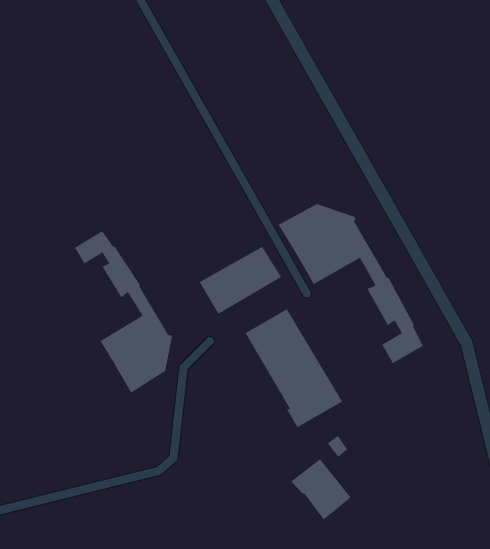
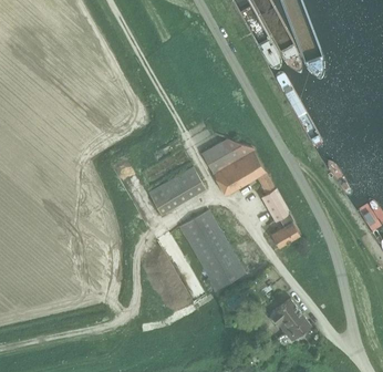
building: [74,230,173,394] -> none
building: [291,458,351,521] -> [269,298,310,340]

